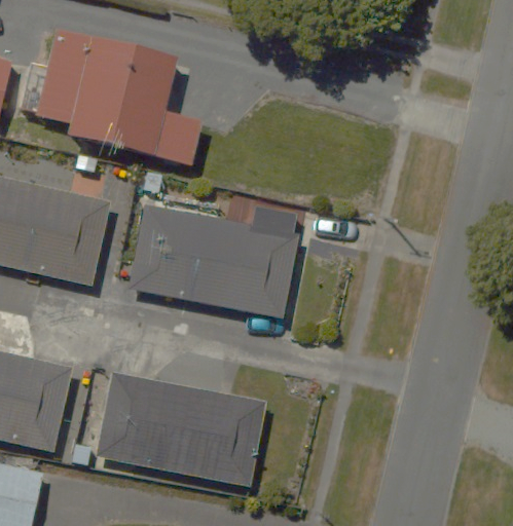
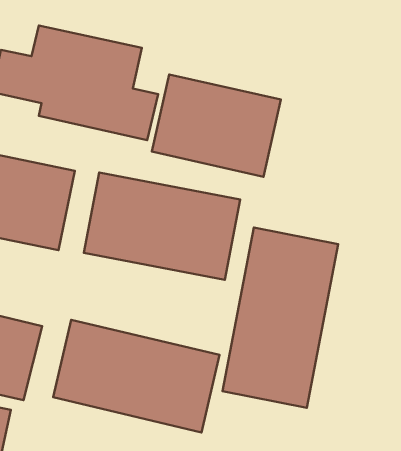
building: none -> [152,74,281,177]
building: none -> [222,228,338,408]

